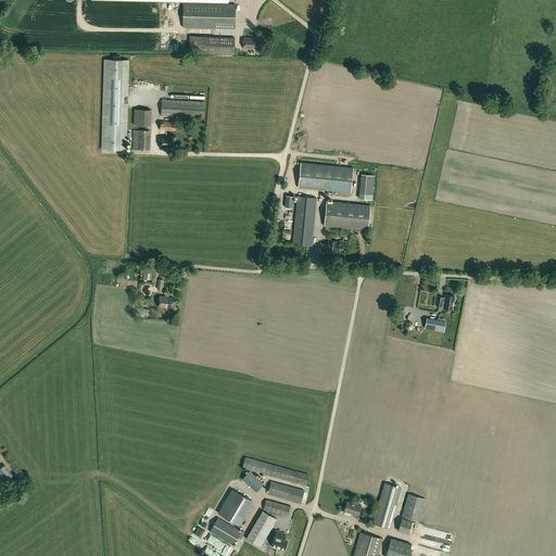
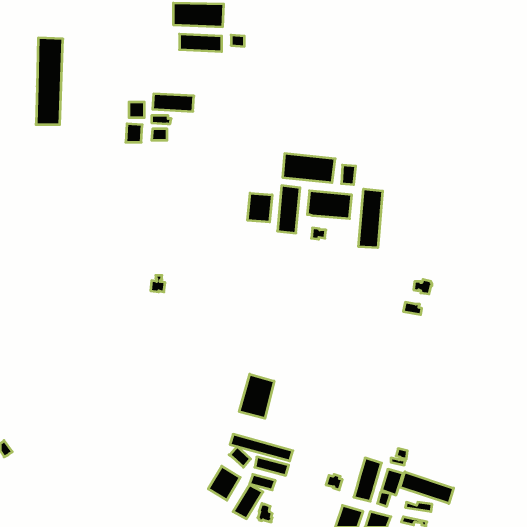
building: [101,59,129,150] -> [36,38,63,125]
building: none -> [359,189,383,248]
building: none -> [248,193,272,222]
building: none -> [239,374,274,418]
building: none -> [400,472,454,504]
building: [210,517,243,545] -> none

